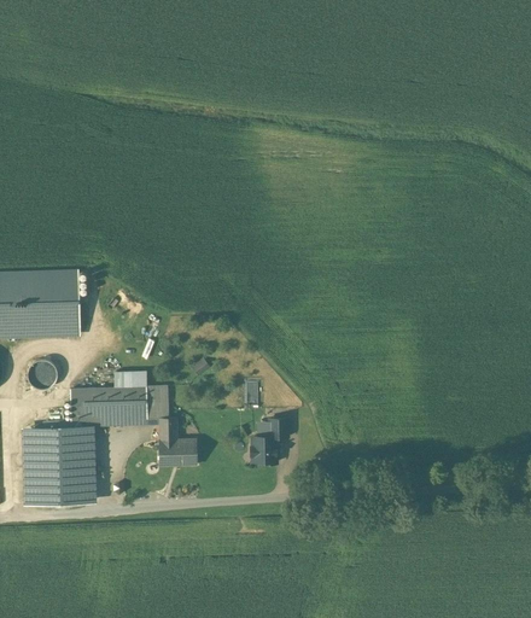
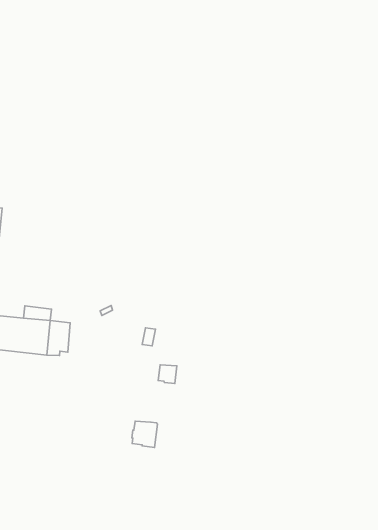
building: [158,416,196,465] -> none
building: [250,436,275,462] -> [132,421,157,448]

